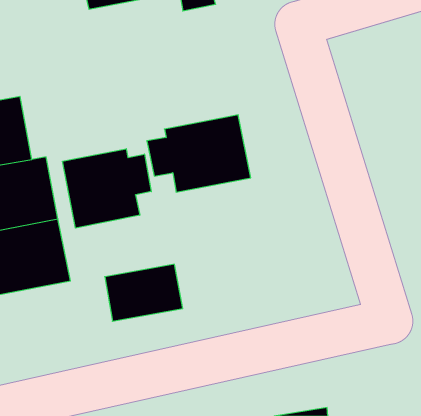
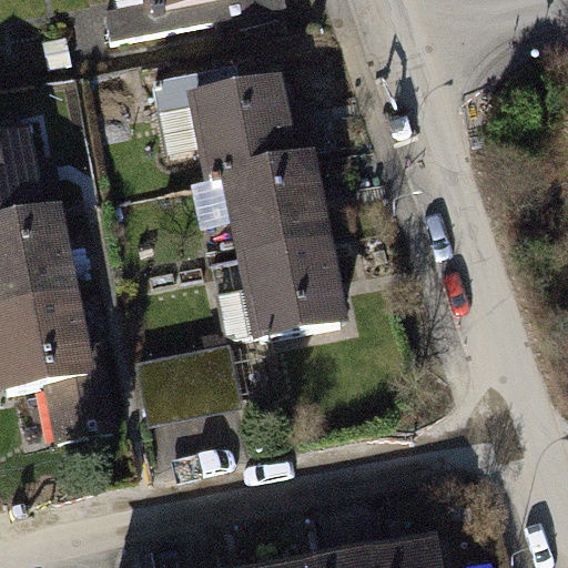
building: none -> [158,73,313,174]
building: [63,149,151,228] -> none
building: none -> [216,235,347,341]

